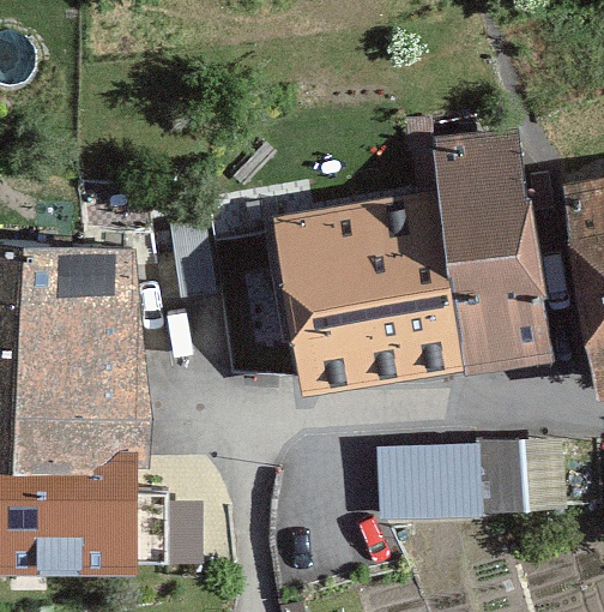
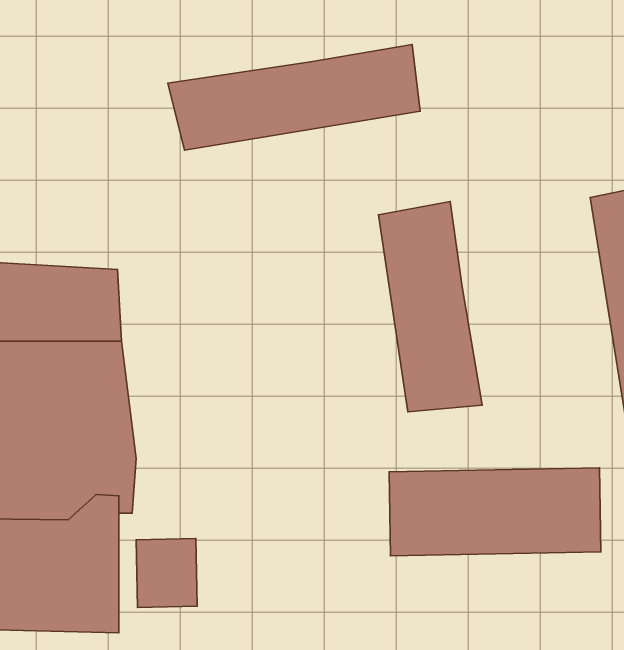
building: none -> [168,44,420,150]
building: [430,130,552,378] -> none
building: [271,202,395,398] -> none

